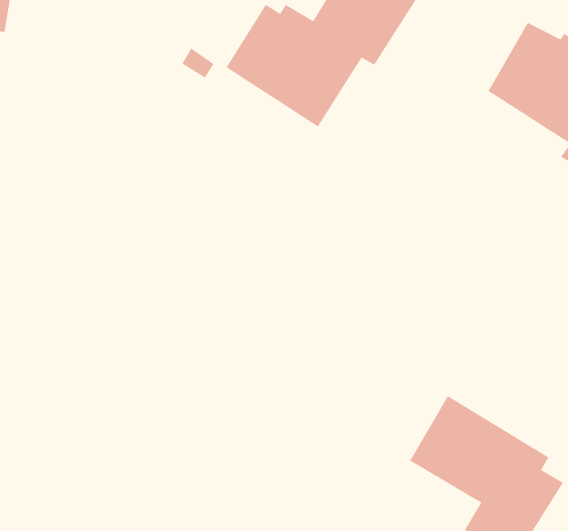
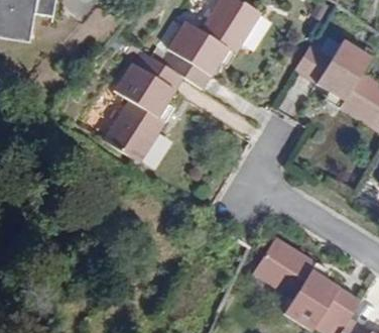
building: none -> [105,66,173,162]

